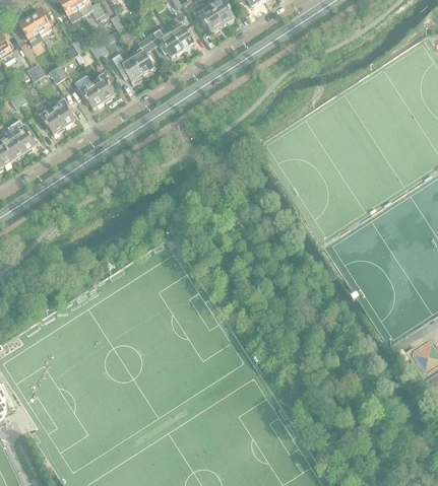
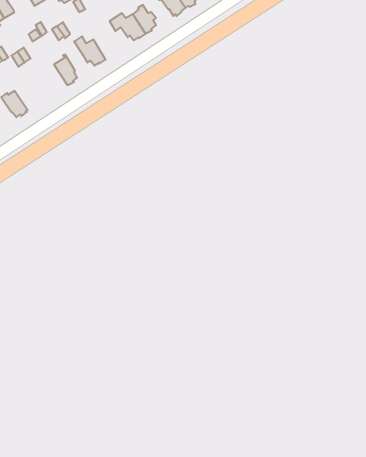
building: [130,36,153,74] -> none
building: [76,79,104,107] -> none
building: [51,94,74,126] -> none

